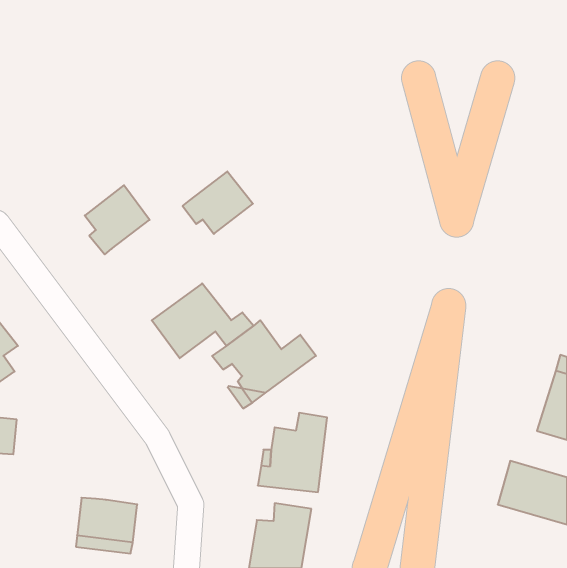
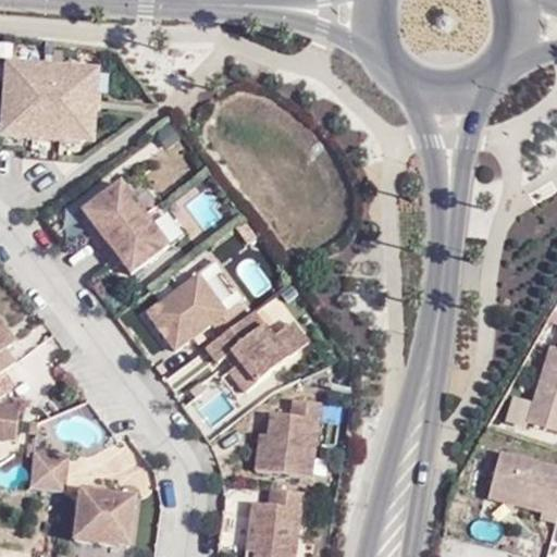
building: none -> [4,58,99,135]
building: [183,171,253,234] -> [102,214,171,275]
building: none -> [24,447,65,488]

